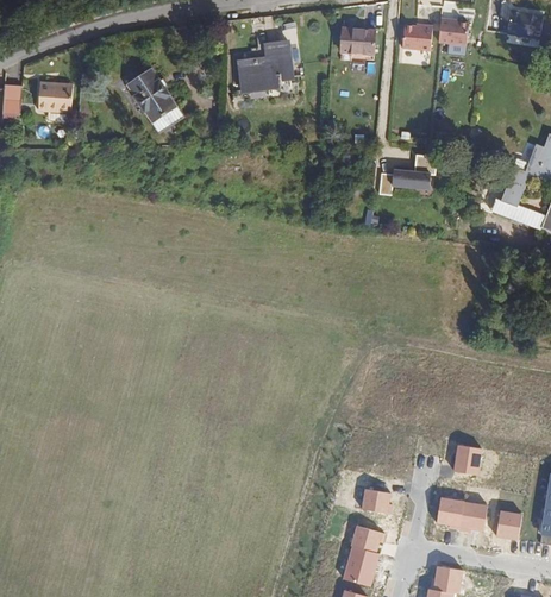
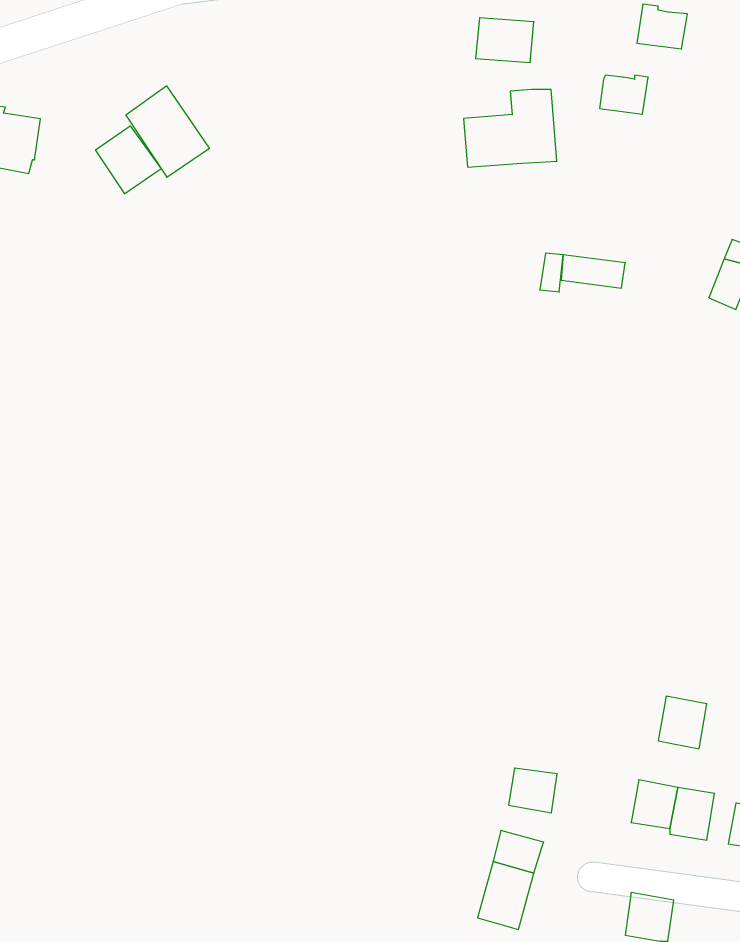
building: [405,25,434,49] -> [600,75,648,114]
building: [237,45,294,93] -> [464,89,557,167]
building: none -> [96,126,161,194]

